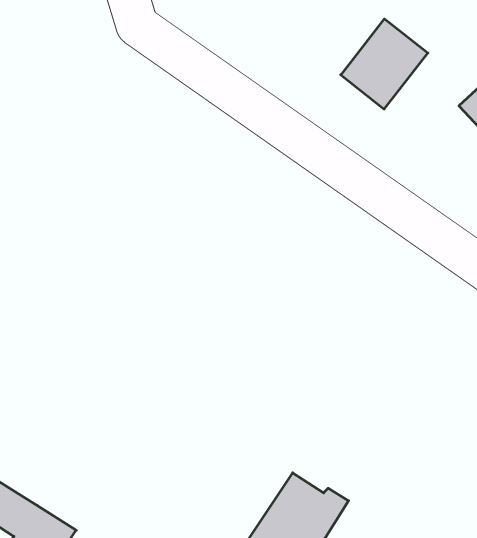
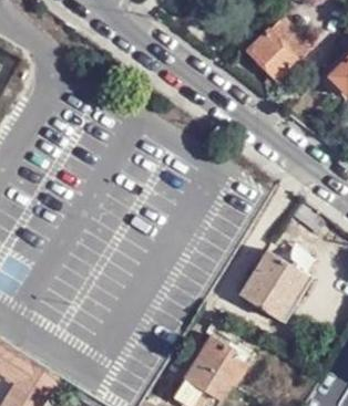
building: none -> [239,251,307,320]

